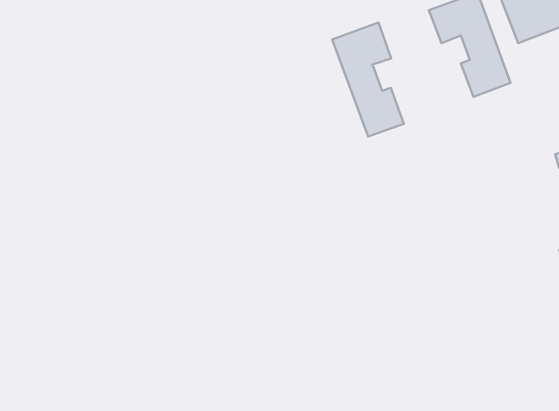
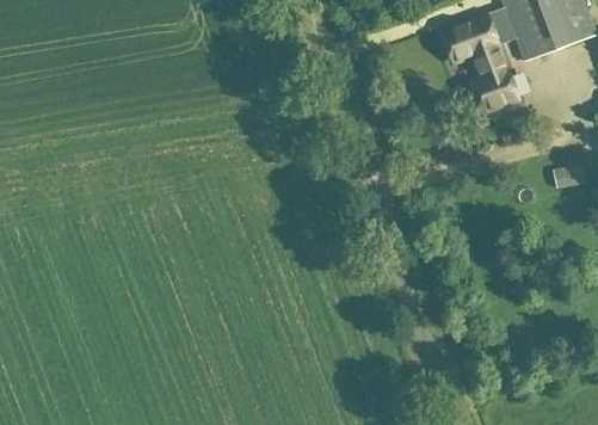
building: [332,22,404,137] -> none

